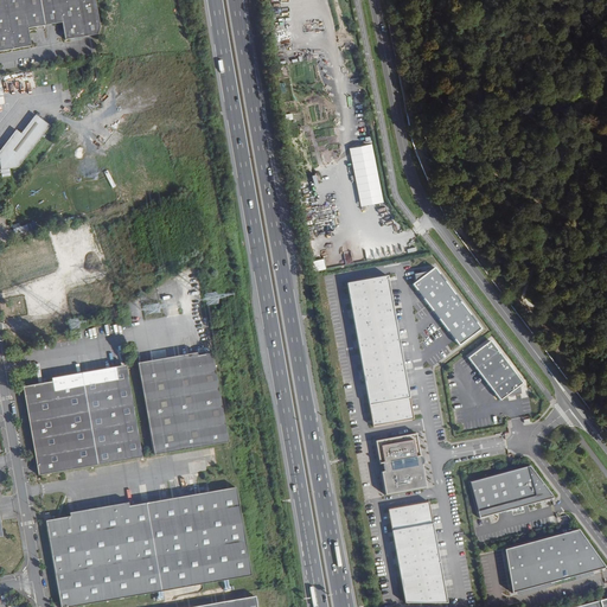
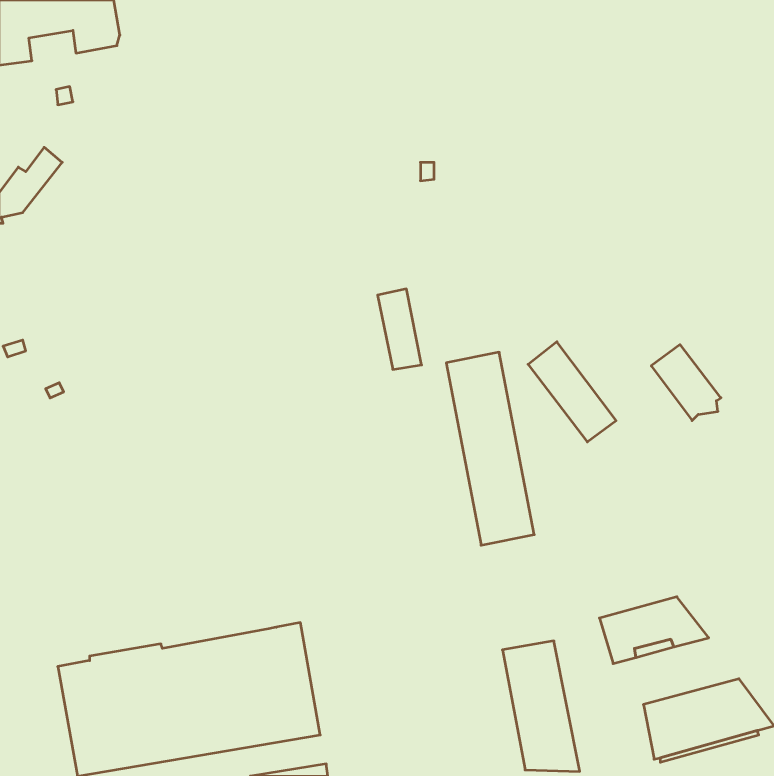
building: [349,143,383,206] -> [378,289,422,369]
building: [467,341,522,401] -> [651,345,721,421]
building: [136,352,226,452] -> none
building: [21,364,141,473] -> none
building: [379,432,430,493] -> none

